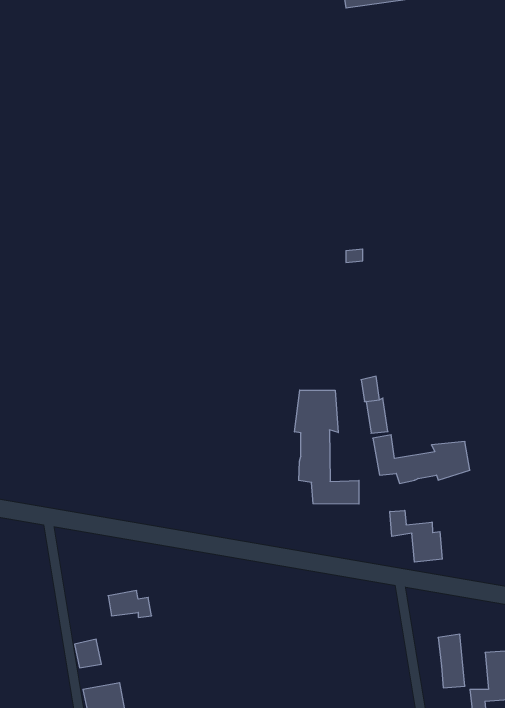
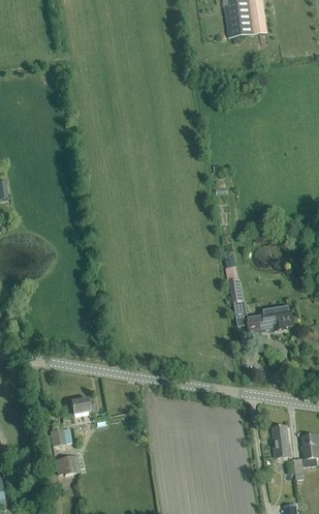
building: [295,390,359,504] -> none
building: [390,510,442,562] -> none

